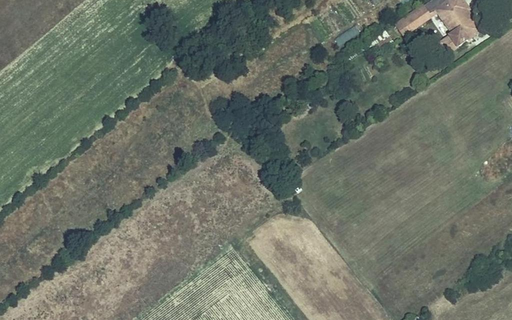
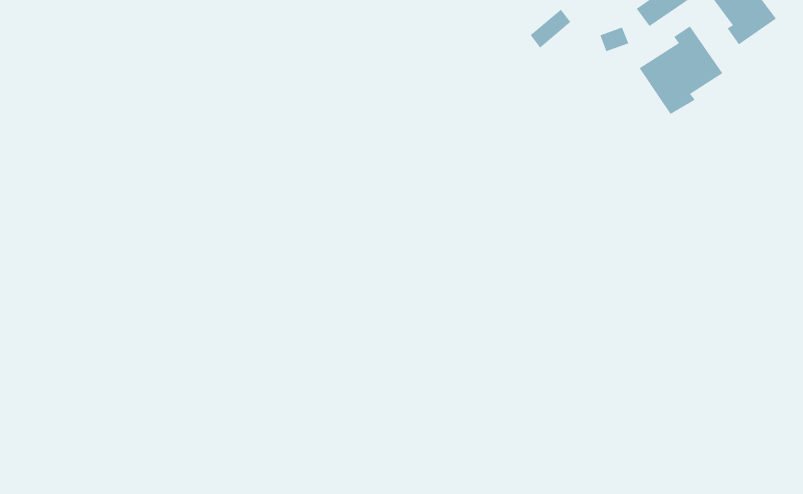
building: none -> [639,25,723,115]

